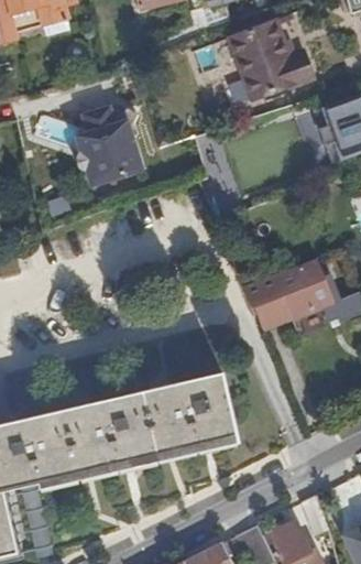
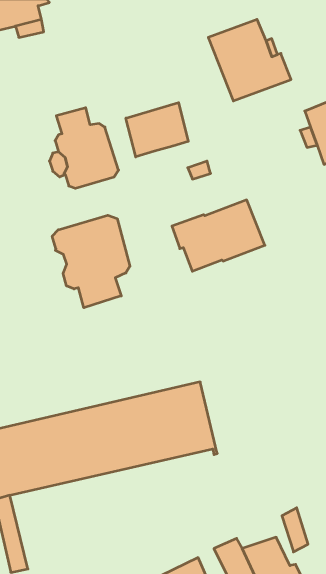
building: none -> [126,103,188,157]
building: none -> [52,215,130,308]
building: [245,259,336,328] -> [172,200,265,271]

